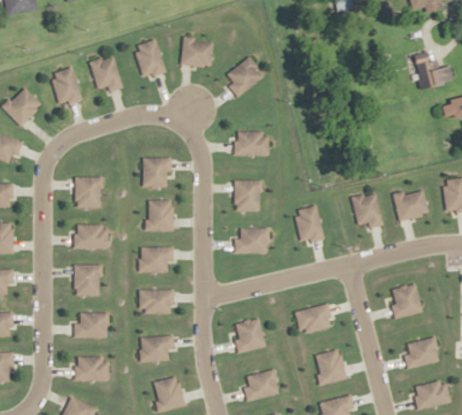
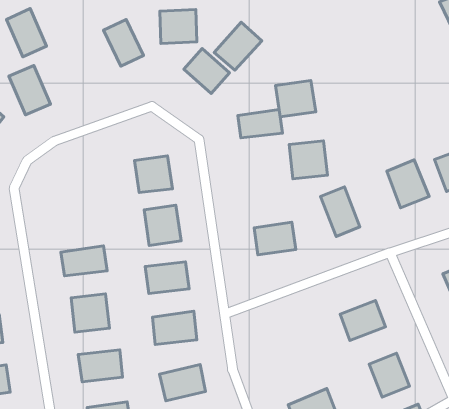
building: [91,55,121,94] -> [6,9,47,57]
building: none -> [184,48,229,93]
building: none -> [275,80,316,117]
building: [75,177,104,207] -> none
building: [234,181,264,211] -> [289,141,327,179]
building: [232,319,265,352] -> none

